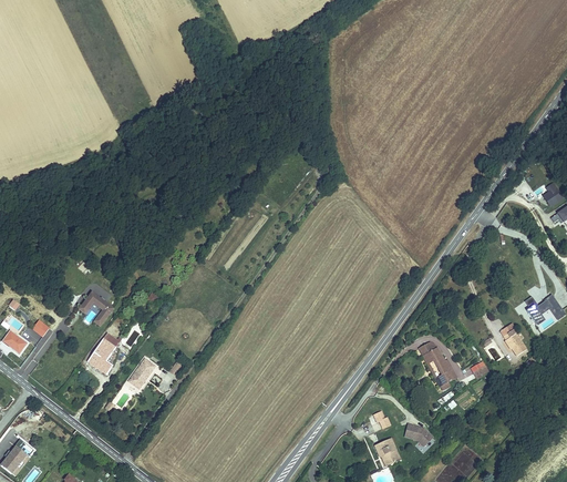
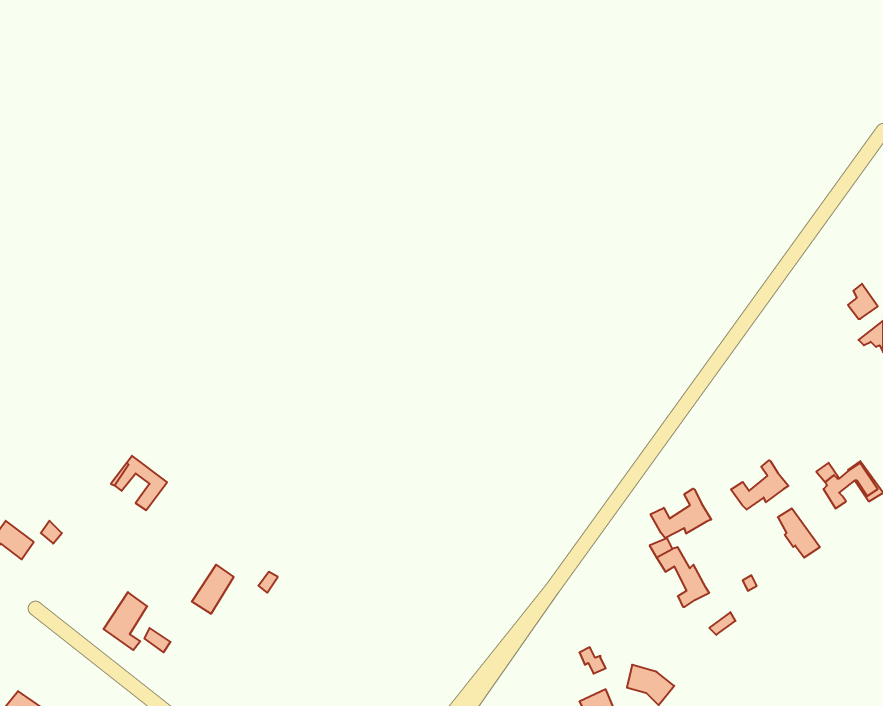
building: none -> [731,460,788,510]
building: none -> [651,489,711,538]
building: [89,337,116,373] -> [103,592,147,650]

